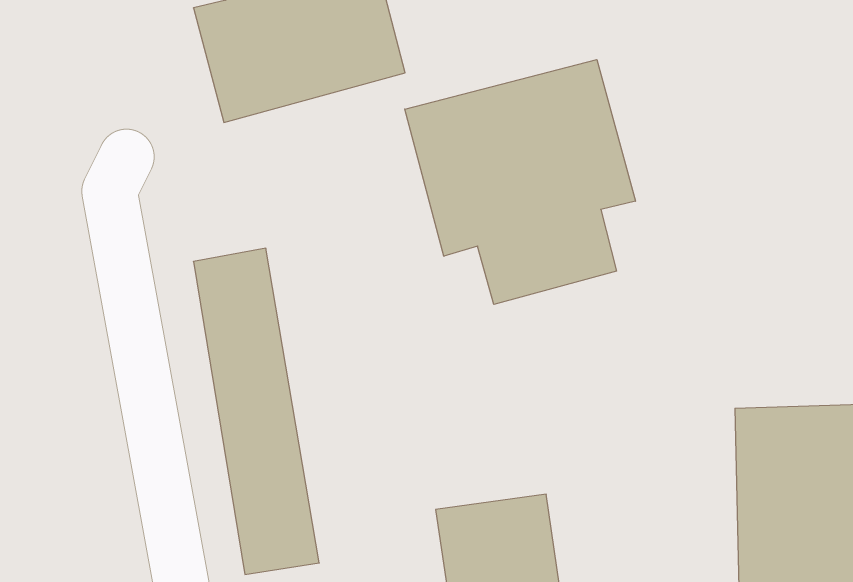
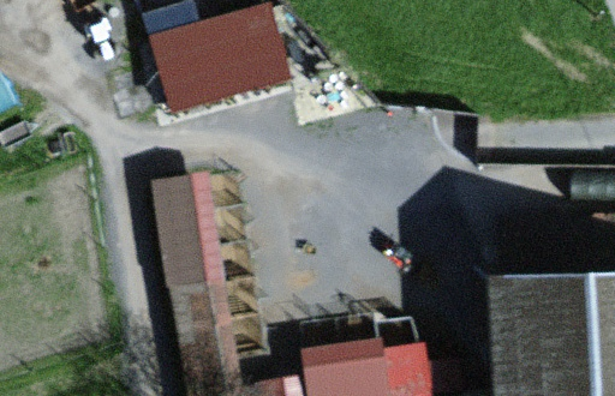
building: [405,60,635,304] -> none

